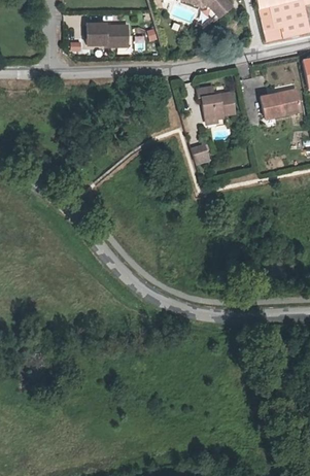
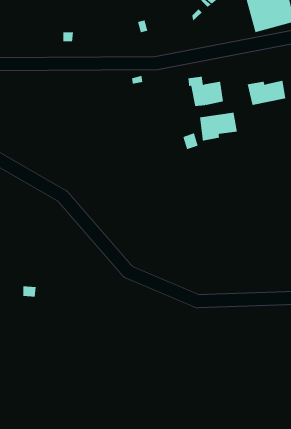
building: [88,23,129,46] -> none
building: none -> [199,112,237,141]

